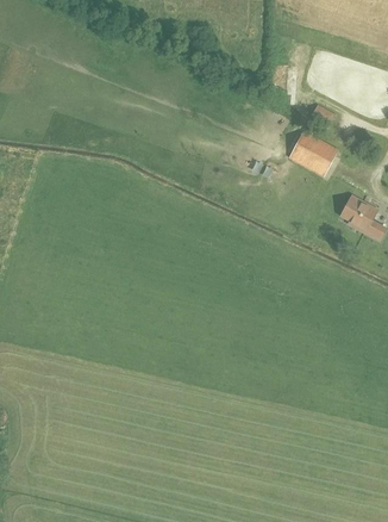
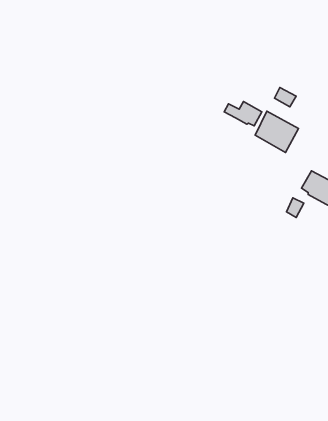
building: none -> [224,101,262,126]

